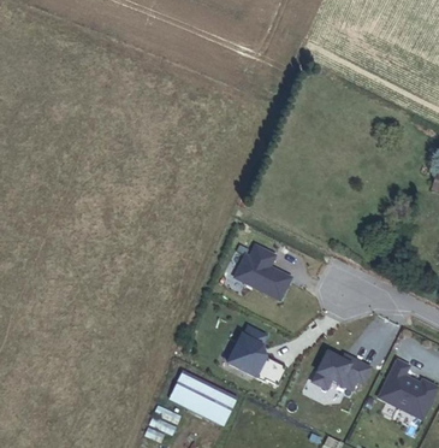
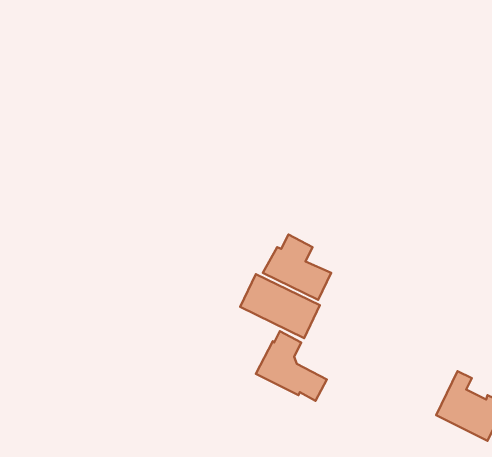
building: [313,354,369,391] -> none
building: [170,369,237,423] -> [240,274,320,338]

